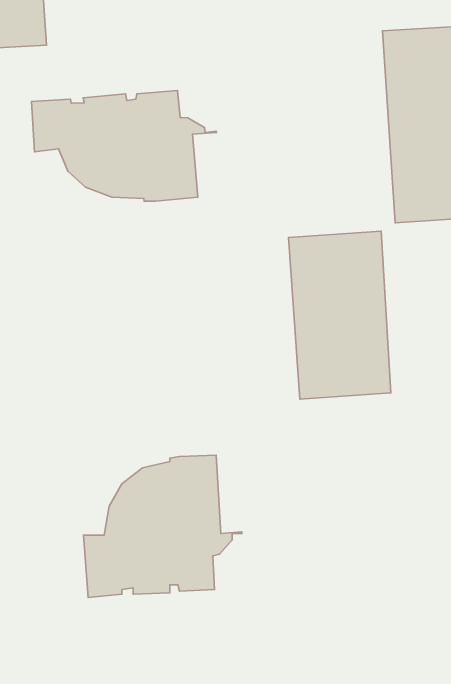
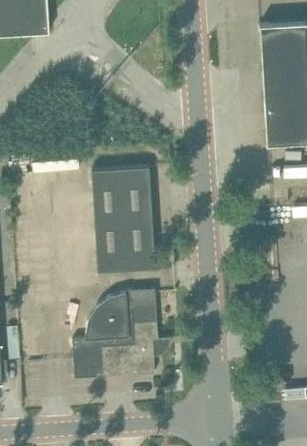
building: [32,90,217,201] -> none
building: [288,231,391,399] -> [91,168,155,273]

